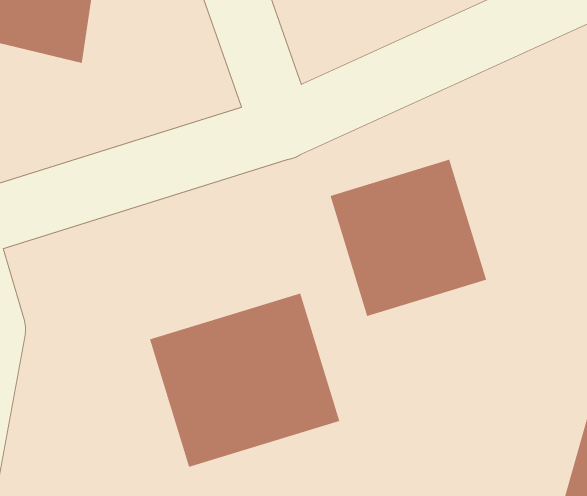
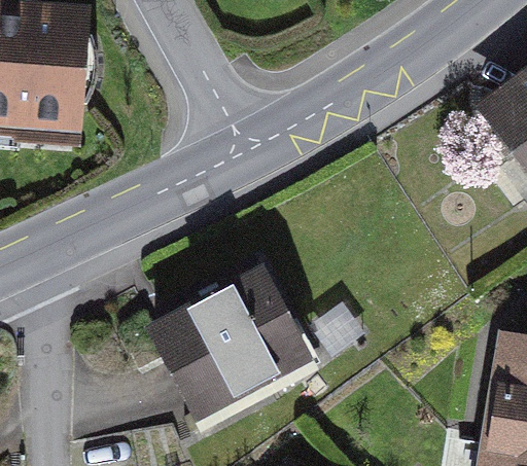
building: [330,159,487,317] -> none

